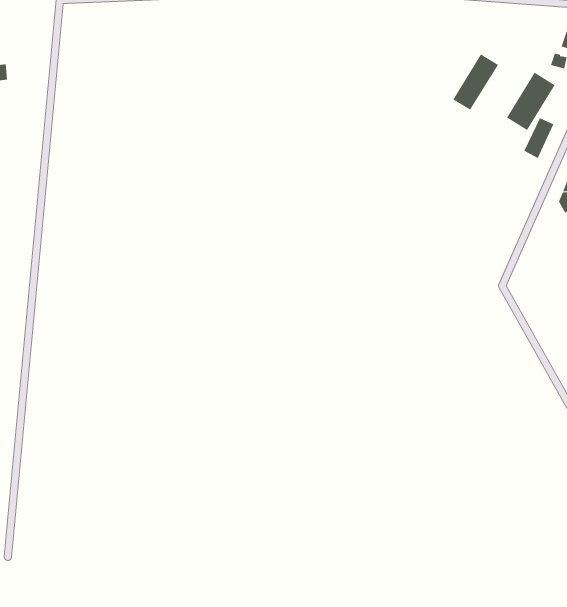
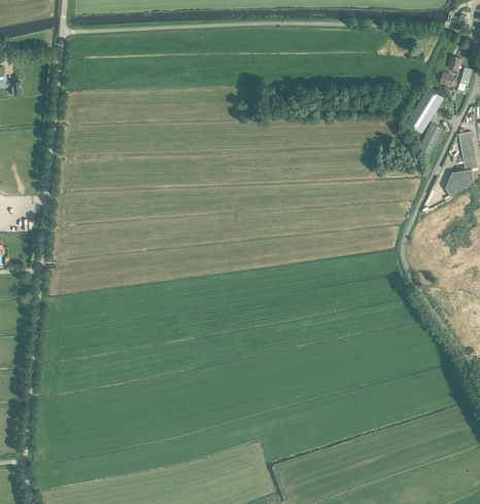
building: [452,54,499,111] -> none

